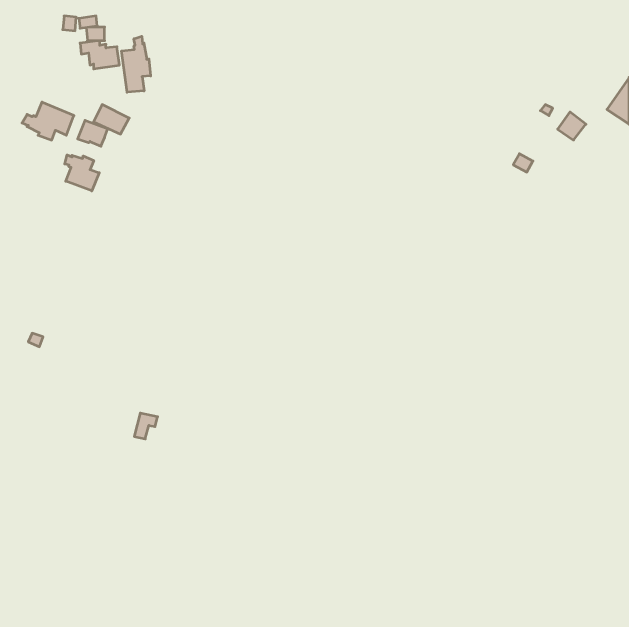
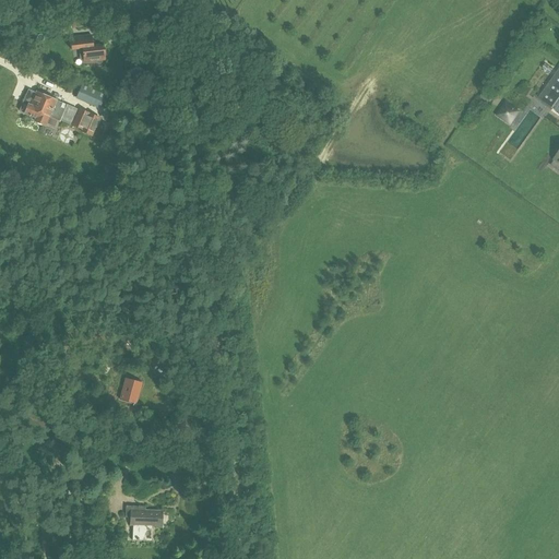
building: [122,36,151,92] -> none
building: [65,155,99,191] -> none
building: none -> [127,506,163,539]

